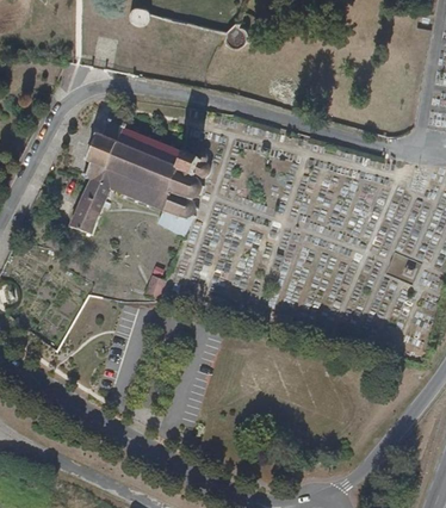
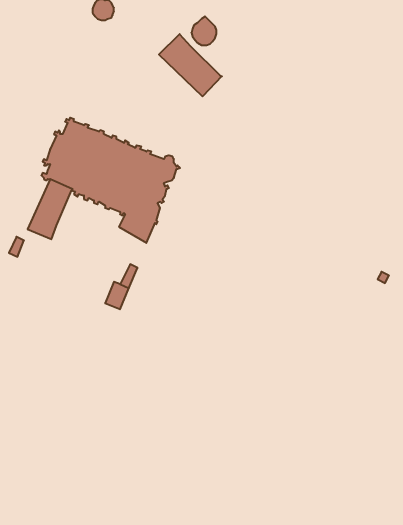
building: none -> [159,34,222,96]

